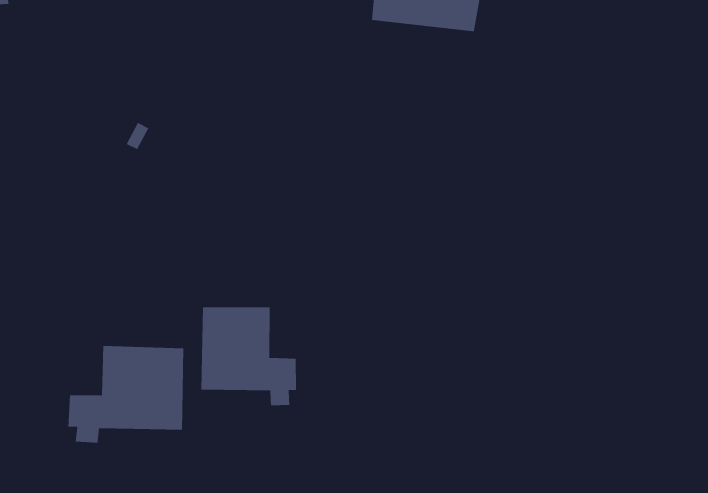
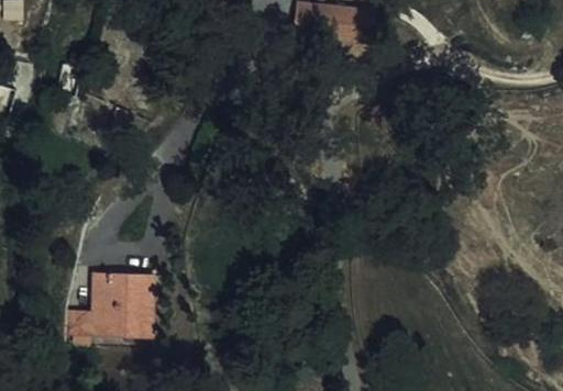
building: [201,307,296,406] -> none

